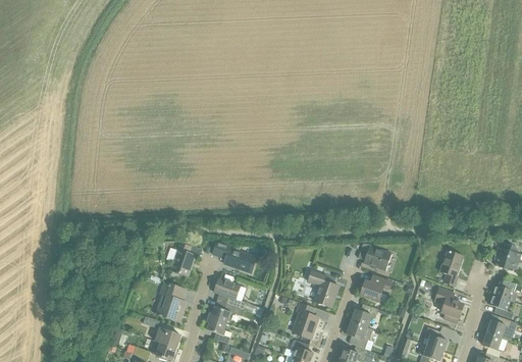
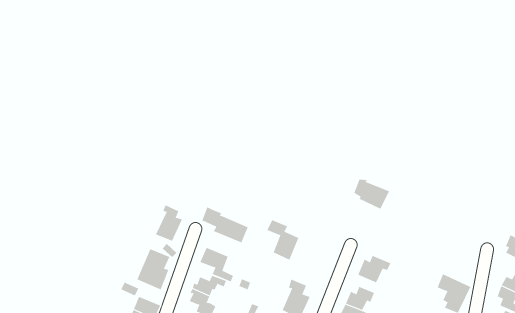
building: [358,244,392,270] -> [353,179,390,209]
building: [439,250,462,286] -> none
building: [307,270,337,307] -> [267,219,299,260]

